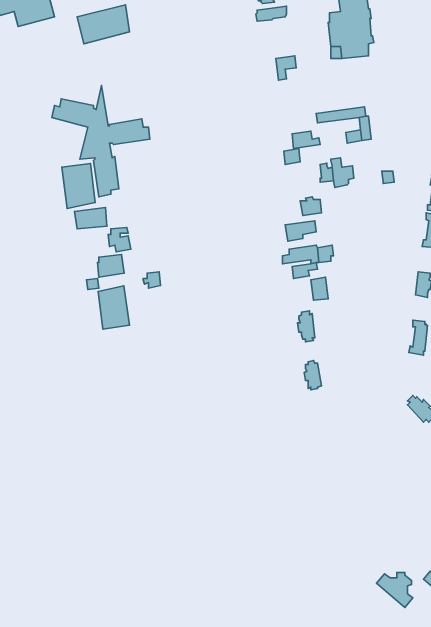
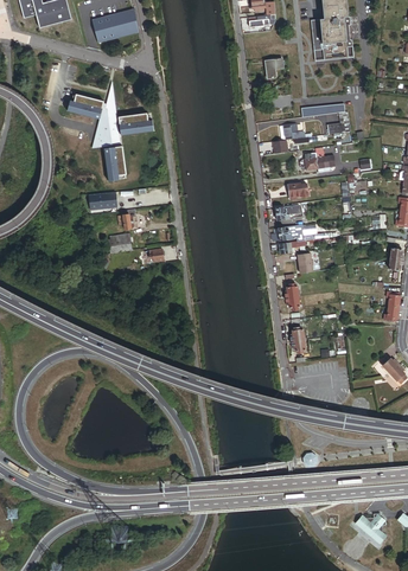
building: [62,163,95,208] -> none
building: [98,286,130,329] -> none

